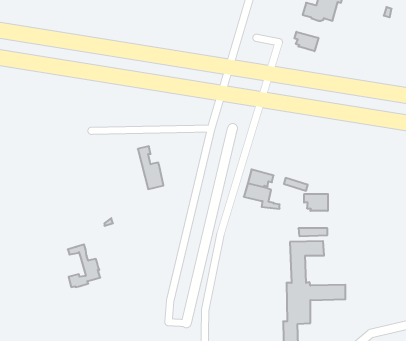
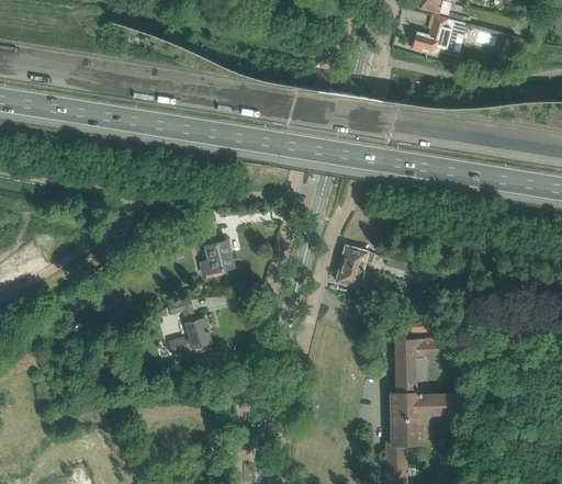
building: [294,32,318,51] -> none
building: [304,194,328,211] -> none
building: [68,244,100,287] -> [168,300,210,354]

